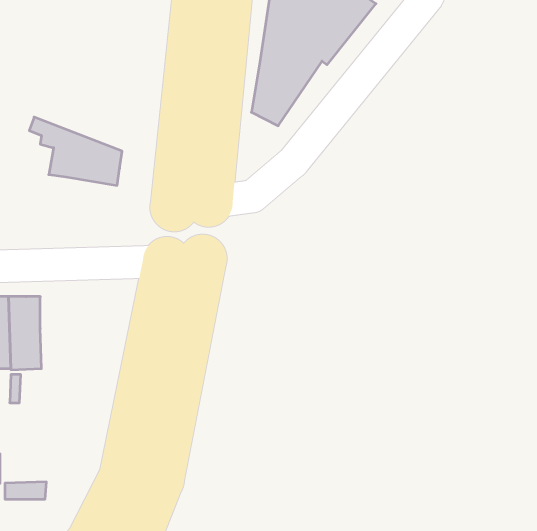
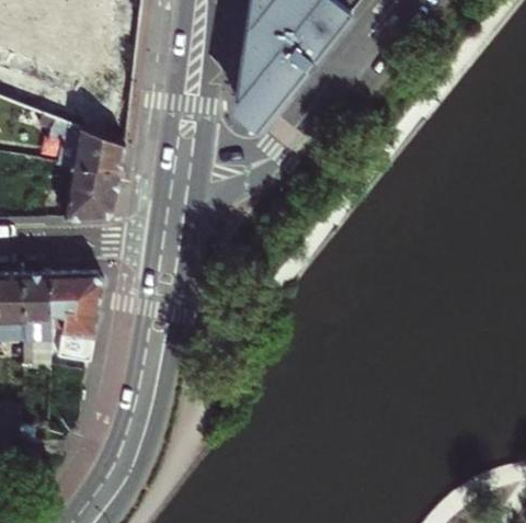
building: none -> [64,168,117,221]
building: none -> [48,273,102,364]

